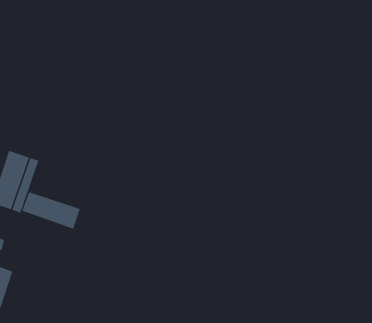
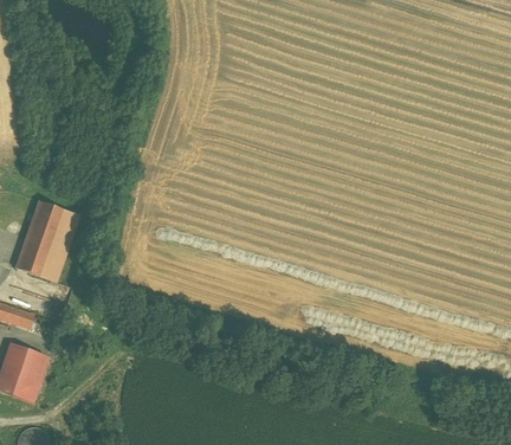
building: [21,191,81,229] -> none

